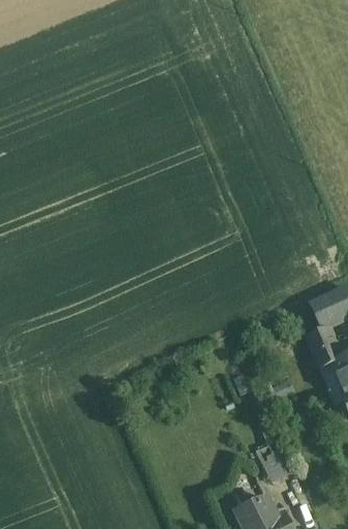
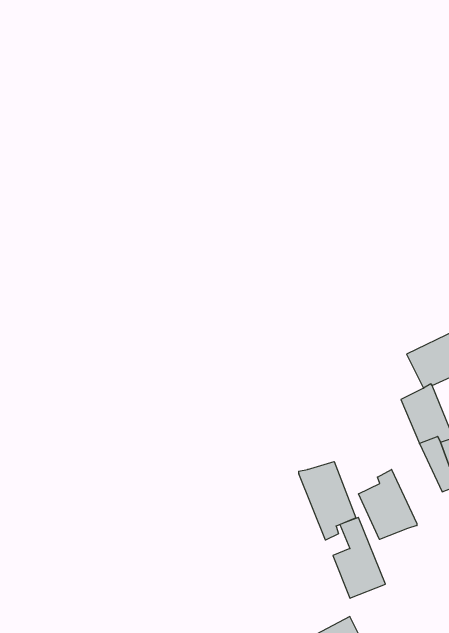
building: none -> [299,462,356,540]
building: none -> [359,469,417,539]

